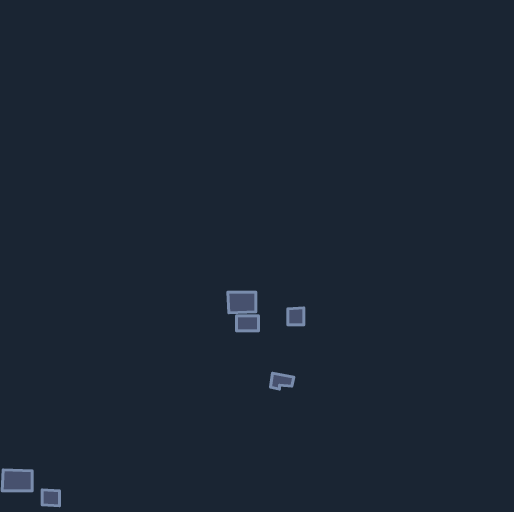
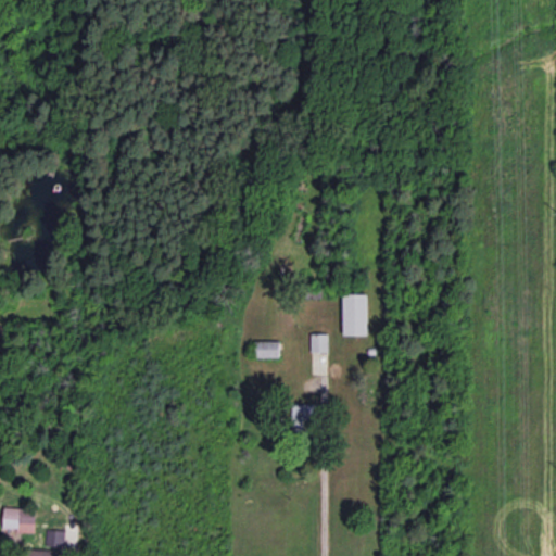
building: none -> [343,295,367,337]
building: [228,292,256,313] -> none

